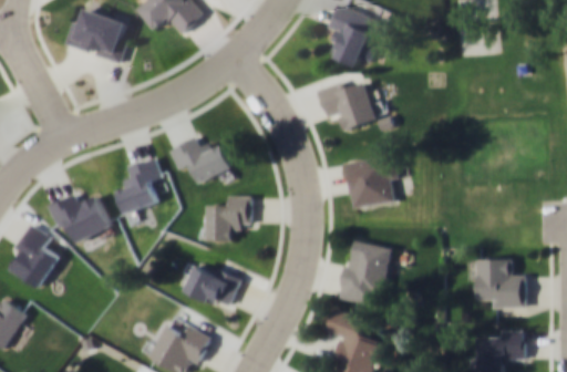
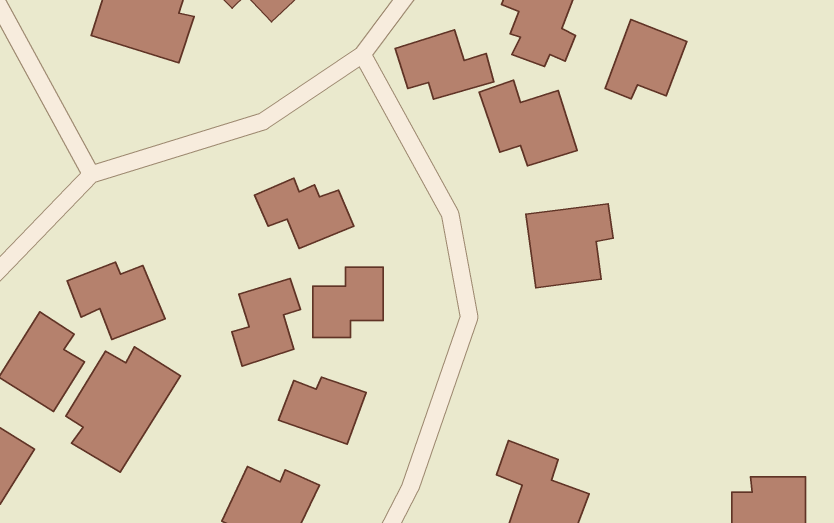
building: none -> [605,20,687,99]
building: none -> [395,30,494,99]
building: [116,157,161,214] -> [232,279,301,366]
building: [338,239,392,306] -> none
building: none -> [66,347,180,472]
building: [467,258,526,307] -> none

